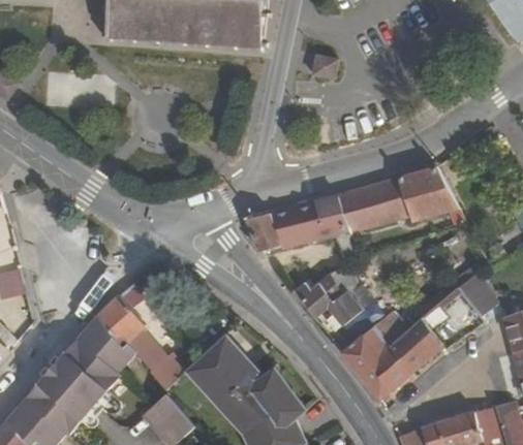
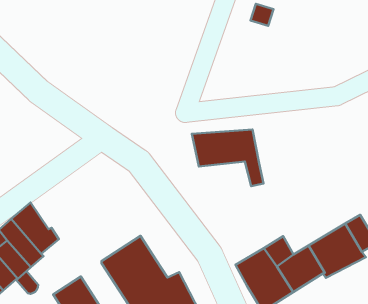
building: [334,167,462,233] -> none
building: [244,212,281,253] -> none
building: [291,264,370,325] -> none
building: [98,284,188,390] -> none

